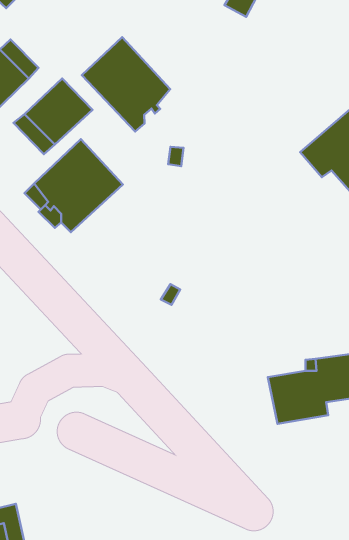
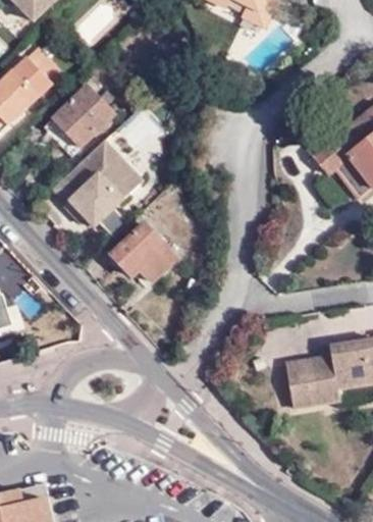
building: [82,37,170,131] -> none
building: none -> [111,224,175,282]

